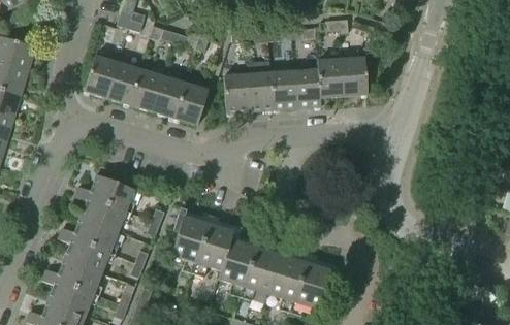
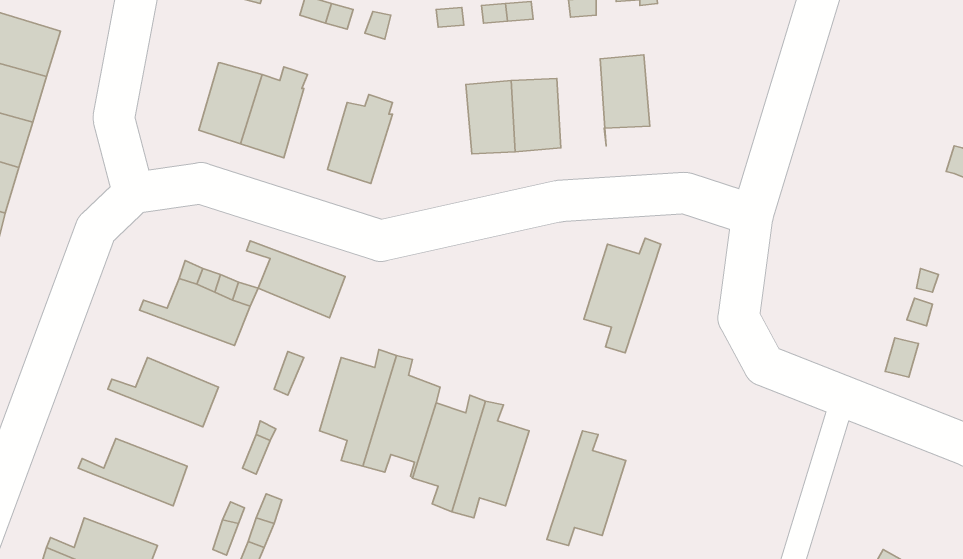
building: [84,55,118,97] -> none
building: [340,57,366,95] -> none
building: [294,60,320,106] -> none
building: [223,73,250,111] -> none
building: [152,75,185,118] -> none
building: [74,191,126,231] -> [246,241,345,318]
building: [58,232,109,272] -> none
building: [267,251,308,311] -> [584,238,661,353]
building: [42,273,94,314] -> none

